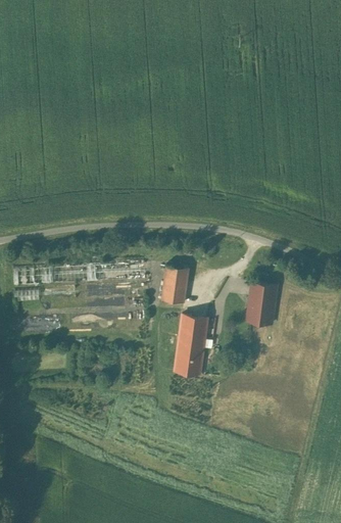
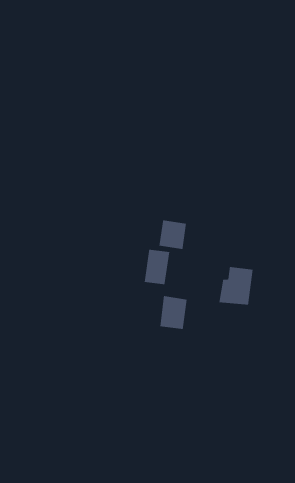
building: none -> [159,219,187,250]
building: [175,348,203,375] -> none

